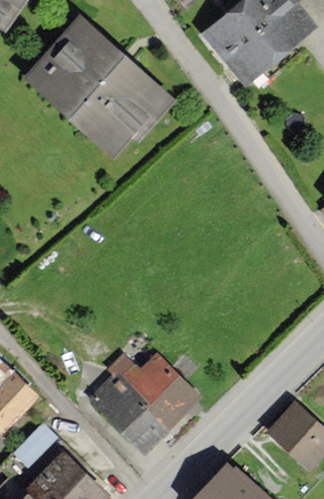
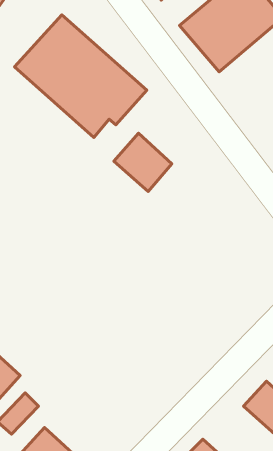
building: none -> [114,133,172,192]
building: [93,357,196,449] -> none

